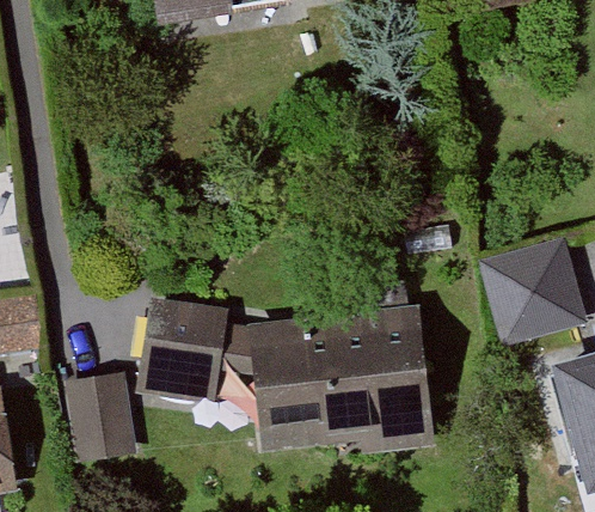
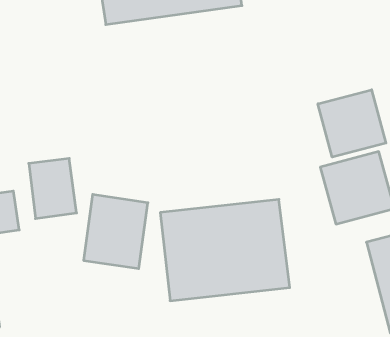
building: none -> [318,90,386,157]
building: [66,374,135,462] -> [29,158,77,219]

